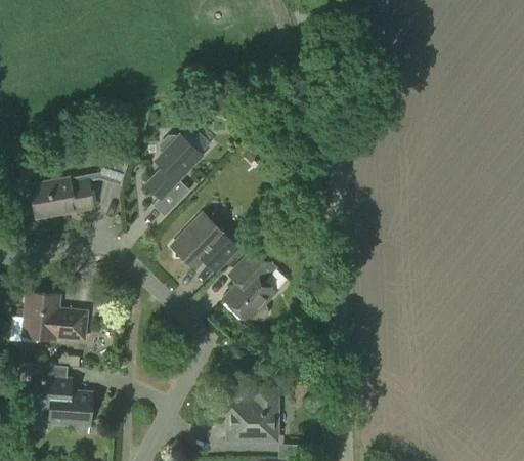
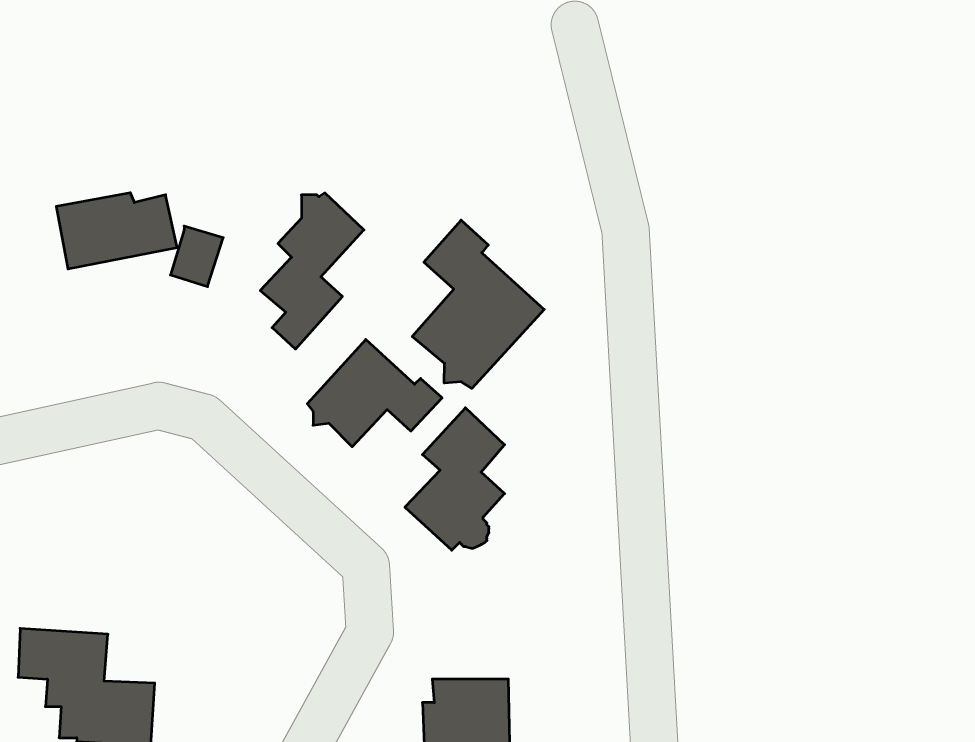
building: none -> [412,220,544,388]
building: [31,178,94,218] -> [56,193,177,269]
building: [24,292,89,339] -> none

